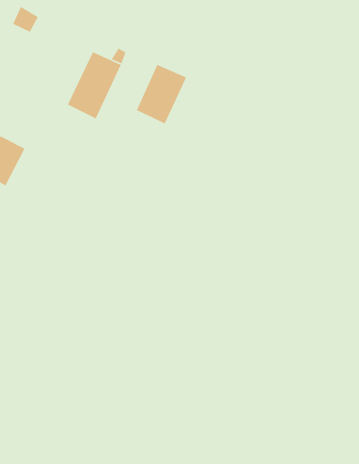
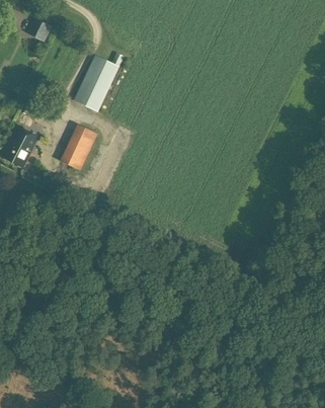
building: [136,64,187,124] -> none
building: none -> [60,124,97,169]

